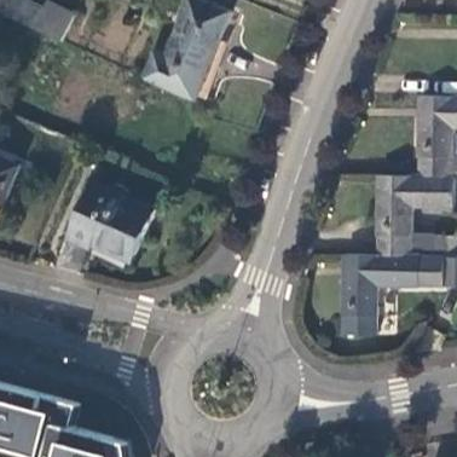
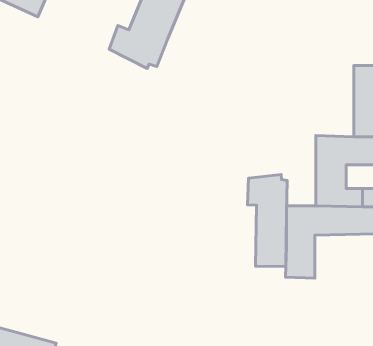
building: [66,184,150,272] -> none
building: none -> [247,175,287,266]

